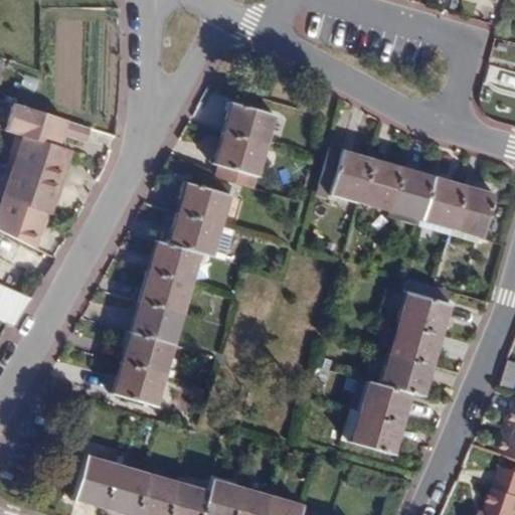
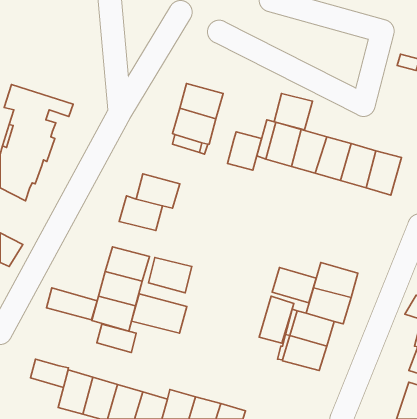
building: none -> [274,94,313,130]
building: none -> [227,132,262,170]
building: [178,182,231,225] -> none
building: [141,272,194,315] -> [148,258,192,293]
building: [396,292,451,335] -> [272,268,316,303]
building: none -> [46,288,97,320]
building: none -> [131,294,187,333]
building: none -> [259,296,294,343]
building: none -> [97,324,136,353]
building: none -> [30,359,68,387]

